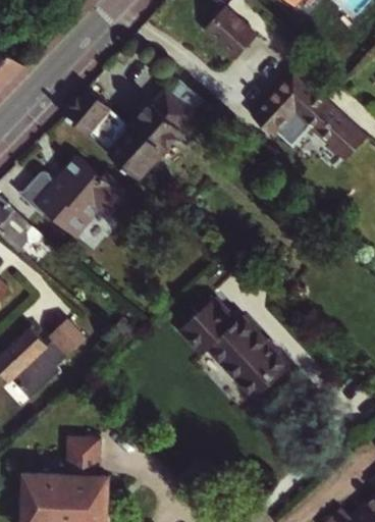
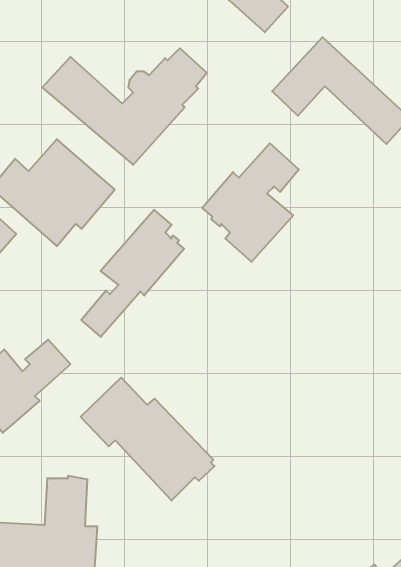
building: none -> [202,143,299,262]
building: none -> [81,210,184,337]
building: [180,300,291,402] -> [81,378,215,501]

